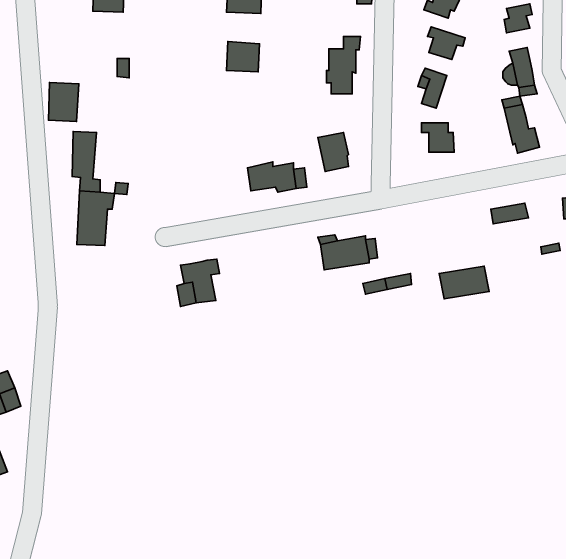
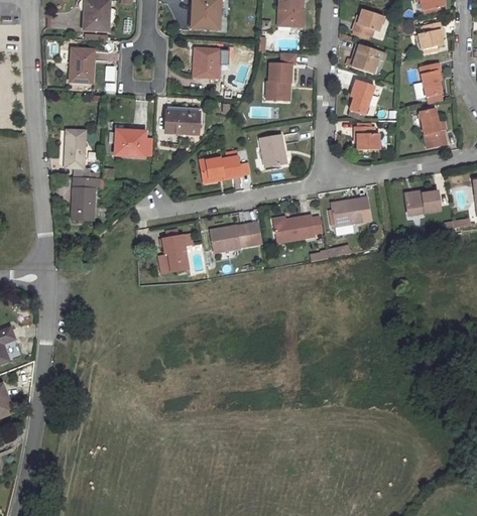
building: [48,82,79,121] -> [68,50,93,83]
building: none -> [166,109,197,131]
building: none -> [113,126,154,155]
building: none -> [209,225,254,251]
building: [439,266,489,299] -> [326,203,367,230]

